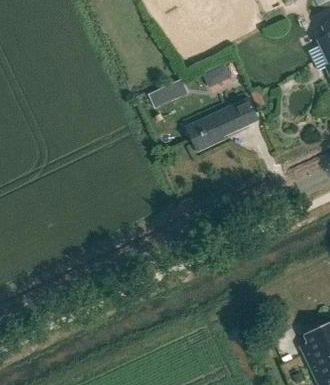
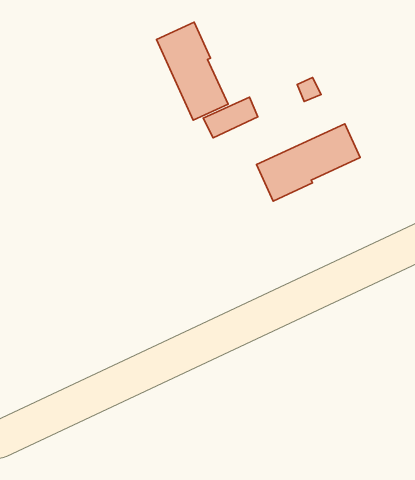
building: none -> [156,22,228,120]

